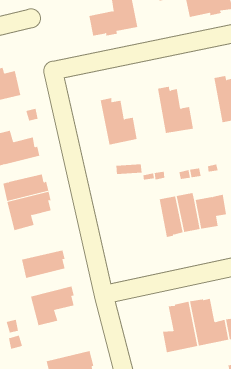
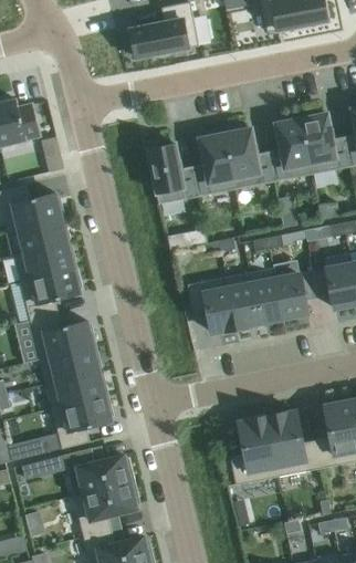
building: none -> [268,113,311,181]
building: none -> [191,127,234,196]
building: none -> [17,218,69,253]
building: none -> [187,277,235,332]
building: none -> [30,312,96,358]
building: none -> [45,371,108,408]
building: none -> [63,448,133,496]

